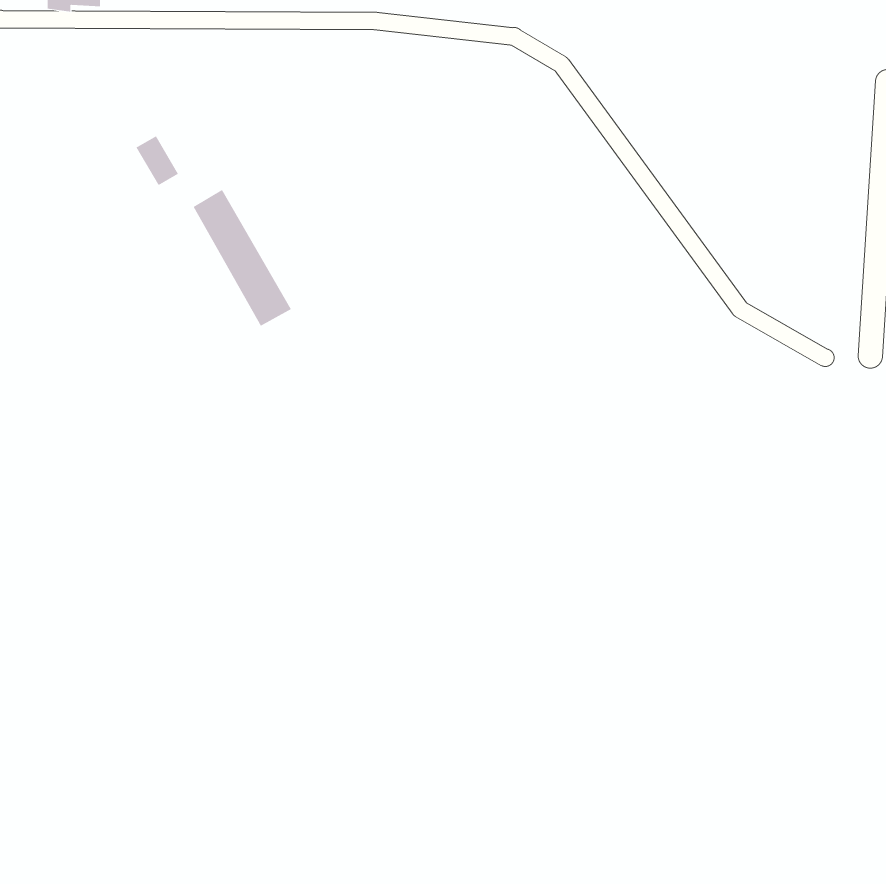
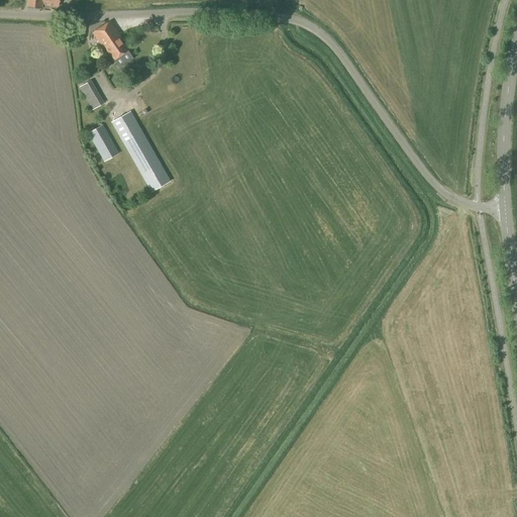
building: none -> [92,19,128,59]
building: none -> [89,123,119,160]

